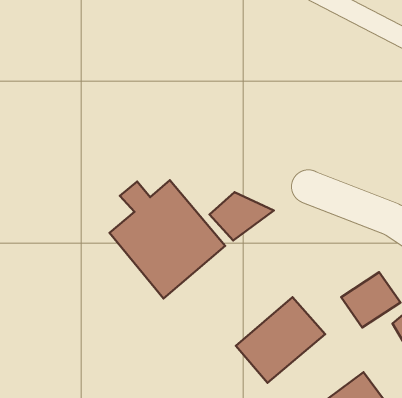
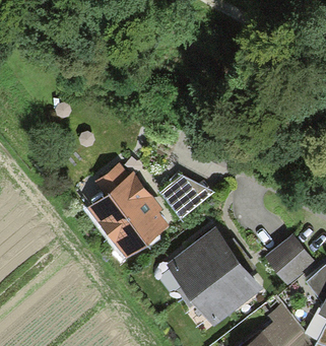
building: none -> [165,231,229,292]

